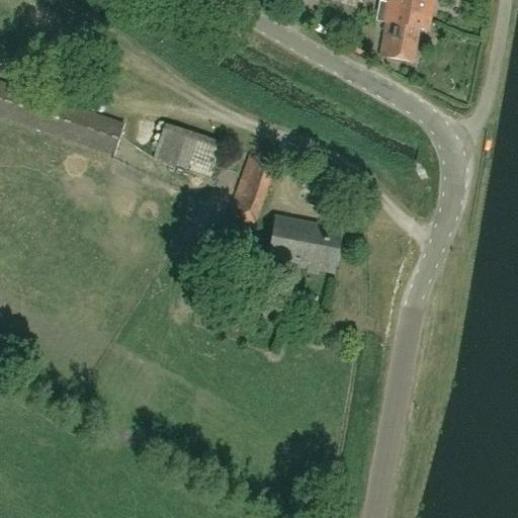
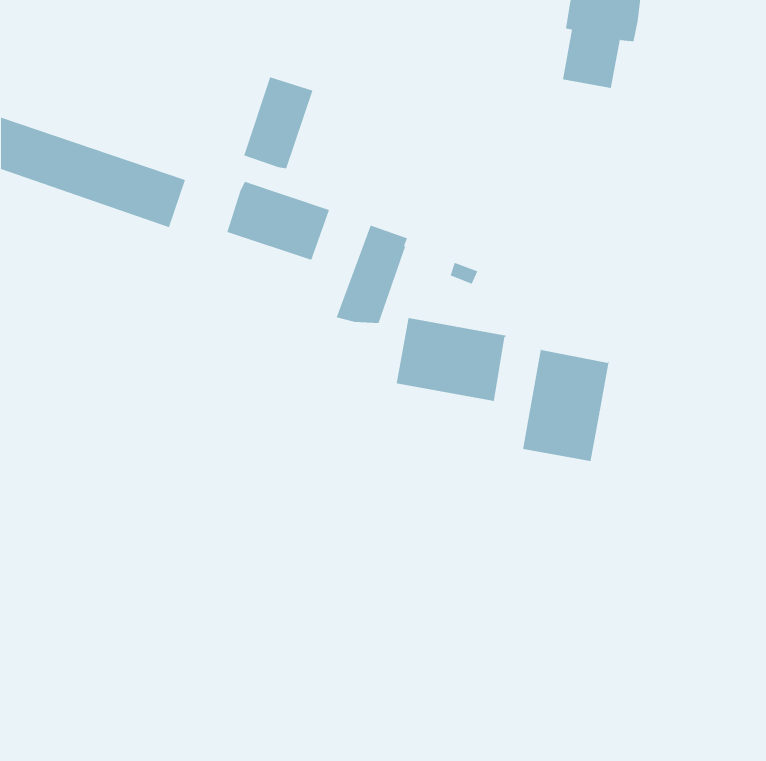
building: none -> [243,77,313,169]
building: none -> [522,349,609,462]

